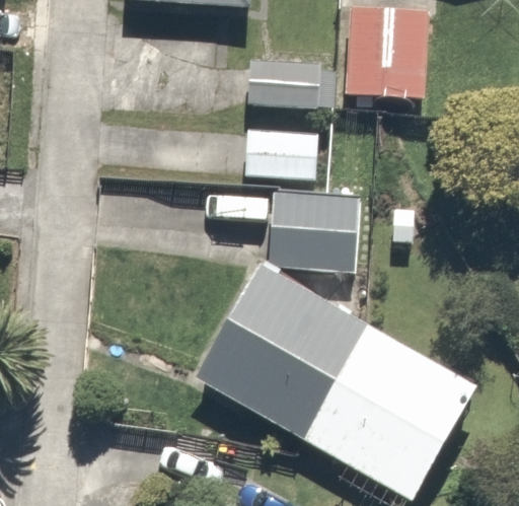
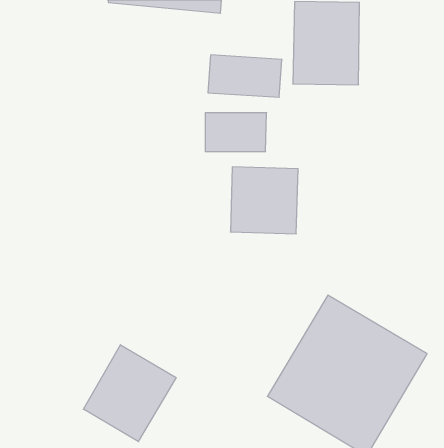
building: [207,268,381,445] -> none
building: none -> [83,345,176,442]

